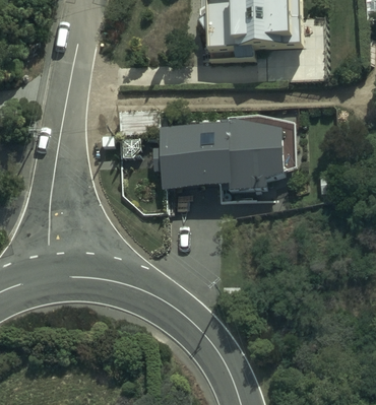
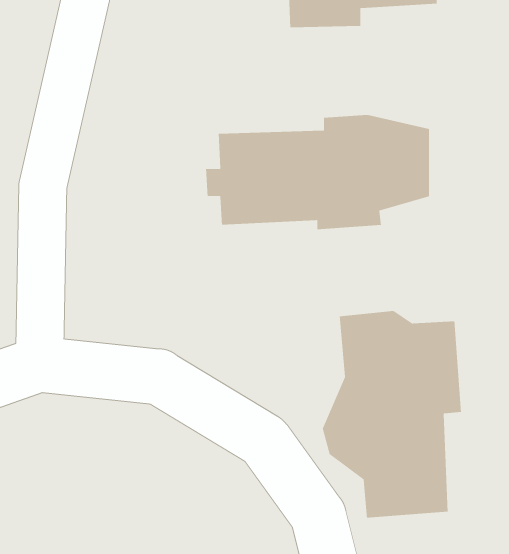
building: none -> [322,310,462,518]

